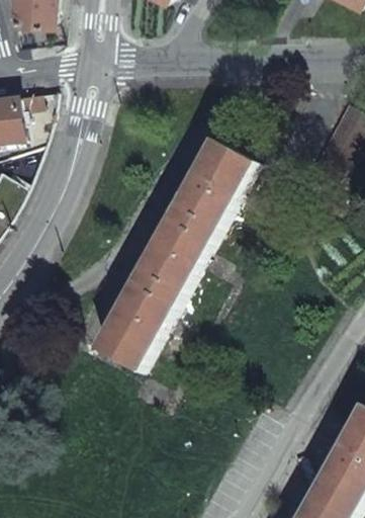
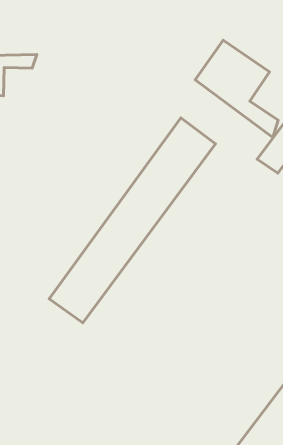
building: none -> [195,40,278,137]

